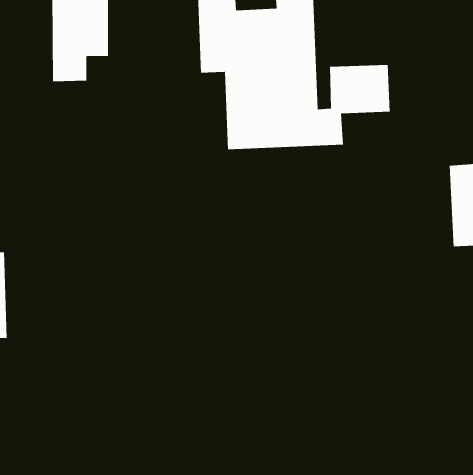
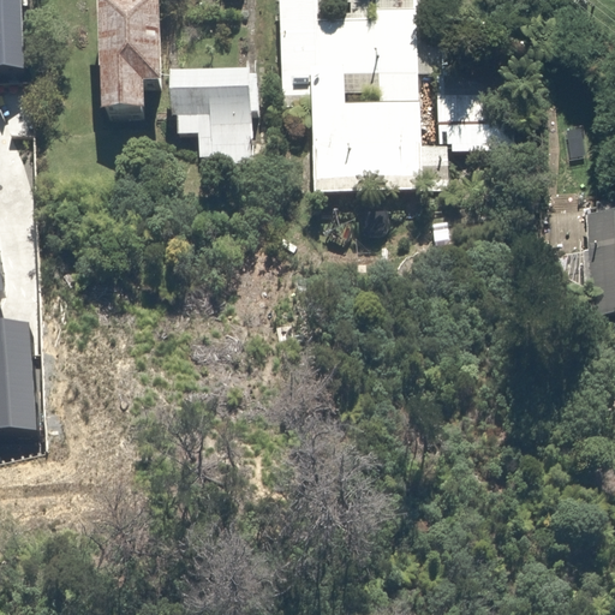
building: none -> [168,66,251,156]

